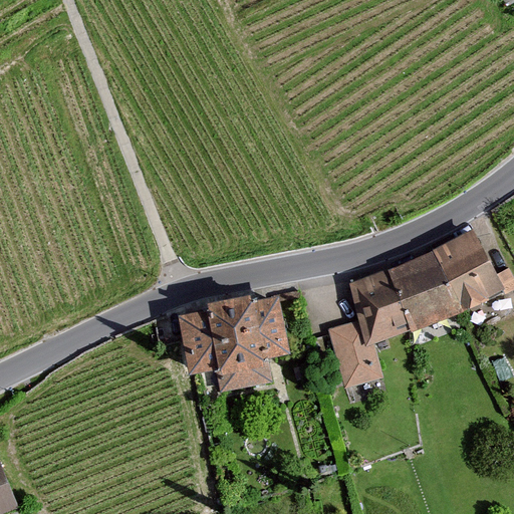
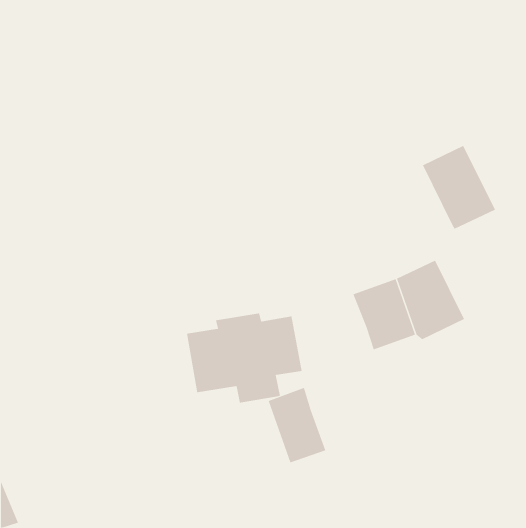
building: [426,232,497,313] -> [422,145,496,229]
building: [323,316,379,390] -> [268,387,326,463]

